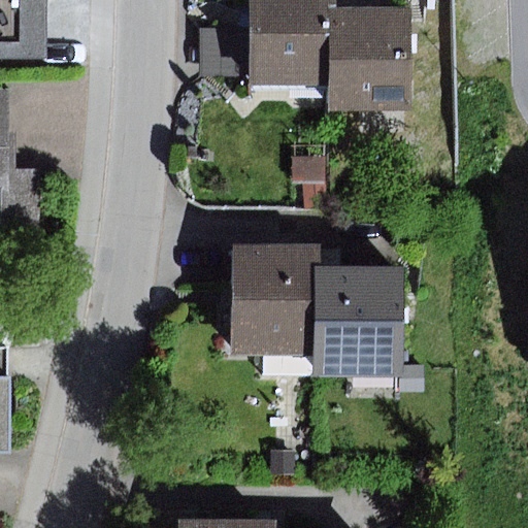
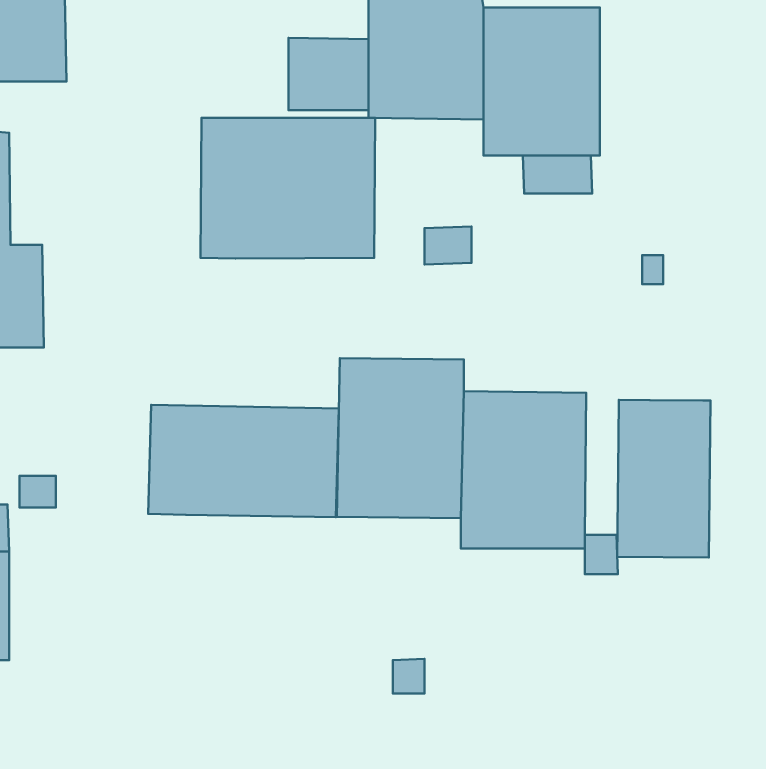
building: none -> [201,118,375,258]
building: none -> [617,400,710,558]
building: none -> [148,405,339,517]

